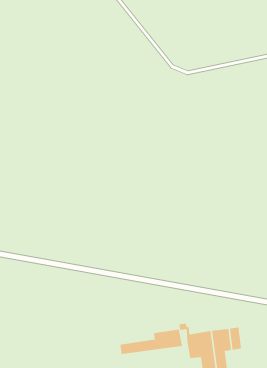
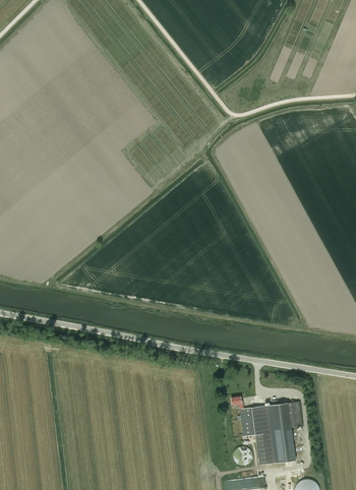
building: [120,329,182,355] -> none

